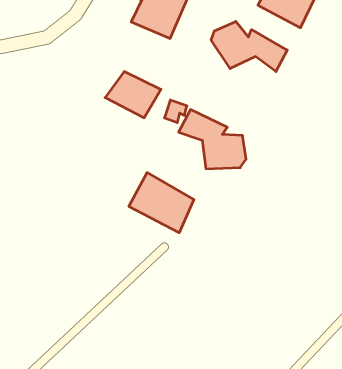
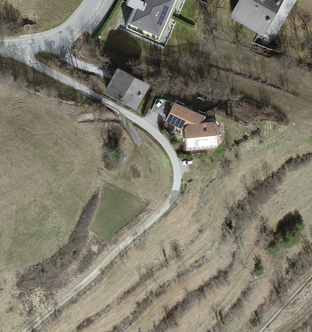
building: [211,21,287,72] -> none
building: [129,173,194,233] -> none

